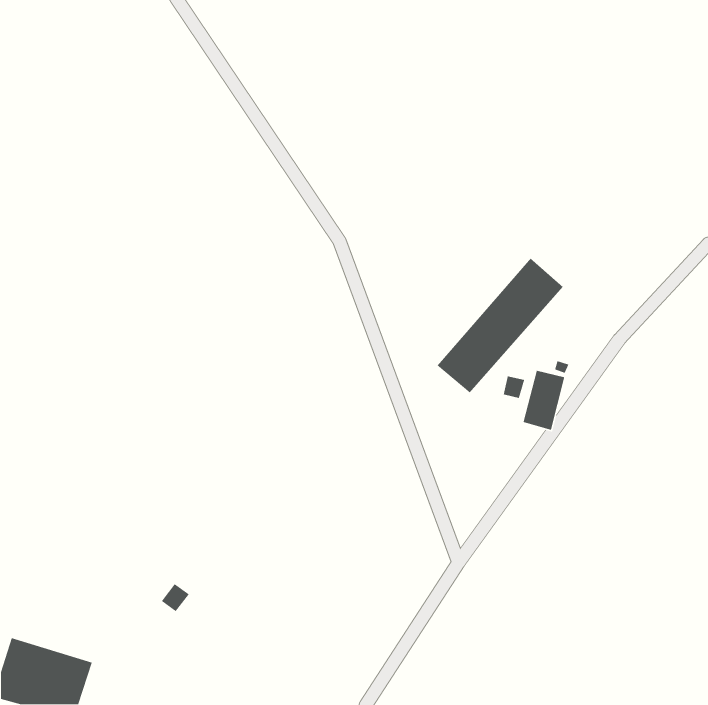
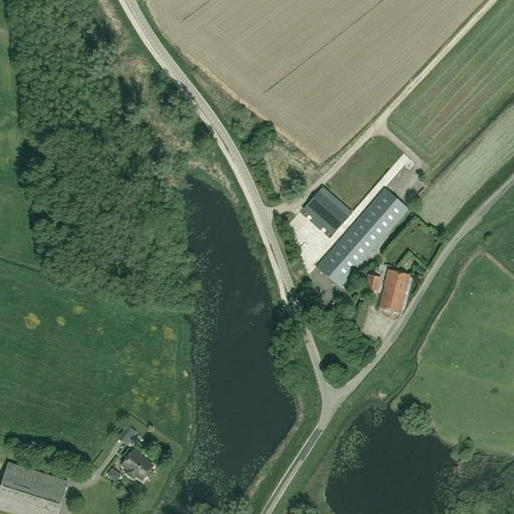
building: none -> [307,190,349,230]
building: none -> [122,449,153,478]

